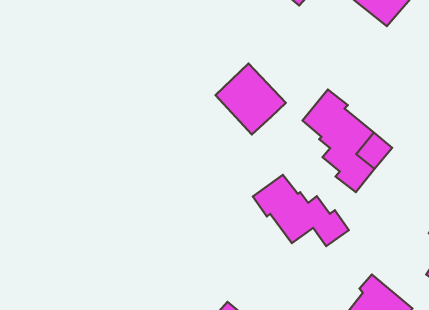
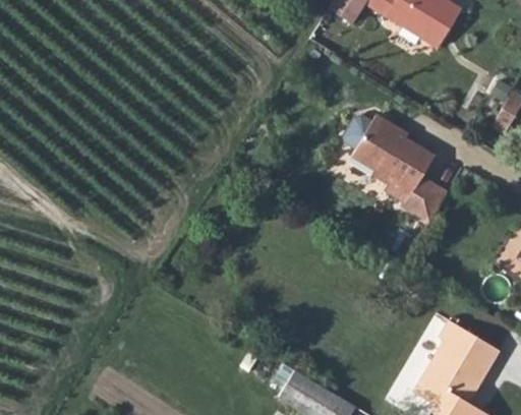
building: [215,64,286,135] -> none
building: [253,175,349,246] -> none

